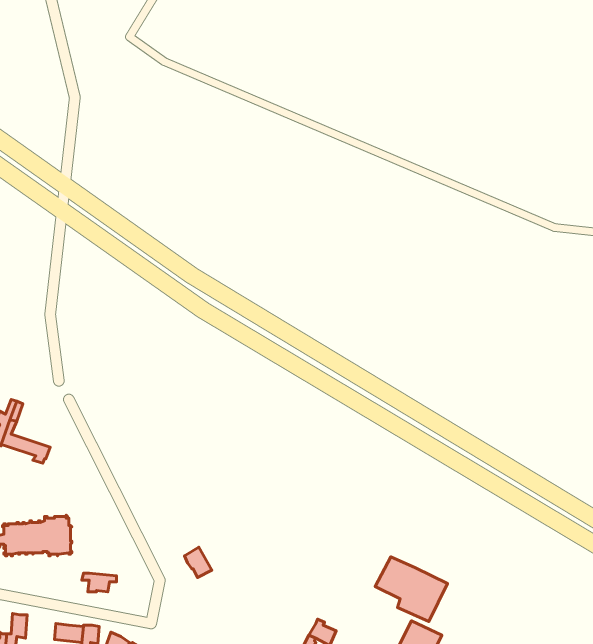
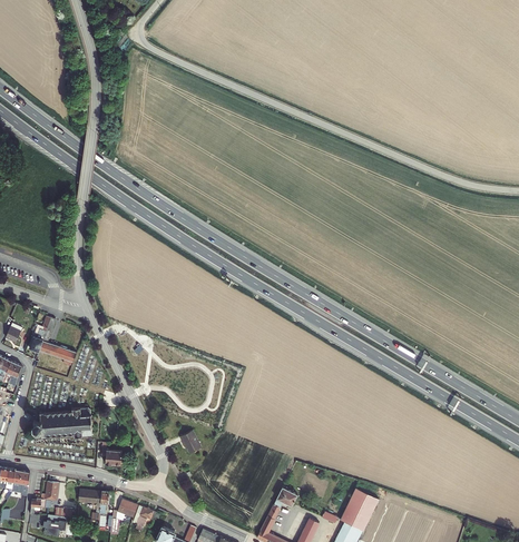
building: [375,557,447,622] -> none

